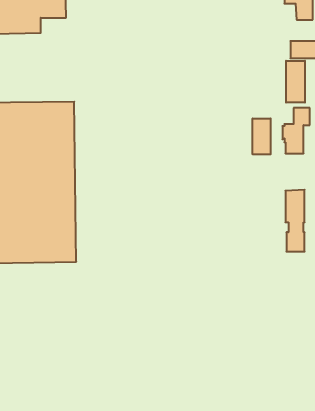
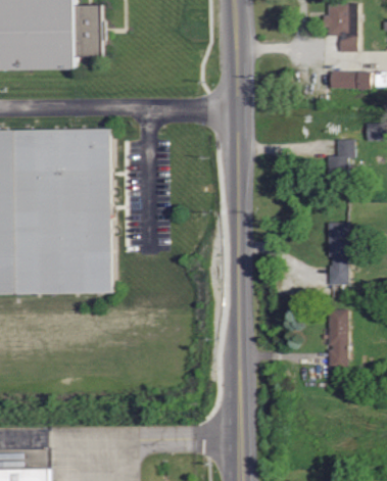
building: [286,61,305,103] -> none
building: [253,118,271,154] -> none
building: none -> [326,308,346,369]

